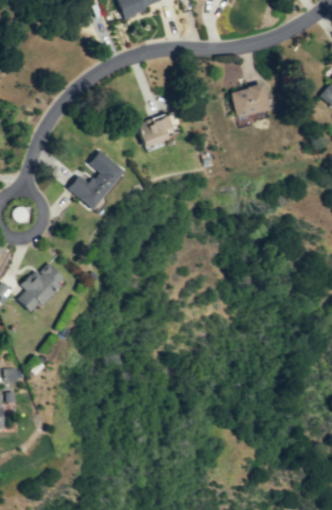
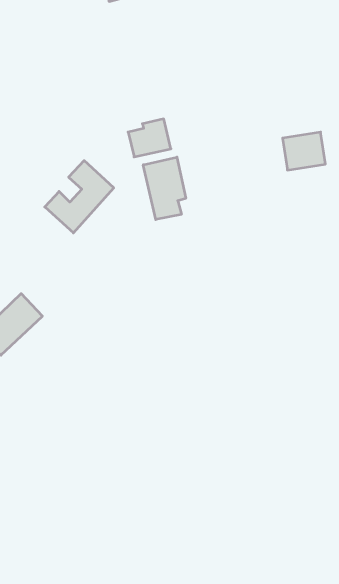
building: [232,85,268,117] -> [283,132,325,170]
building: none -> [143,157,186,220]

